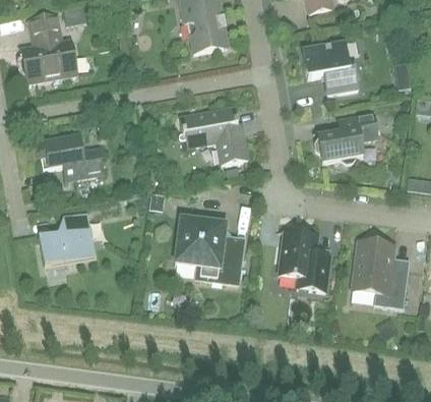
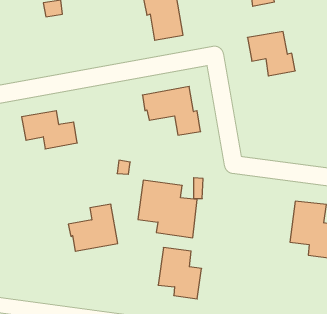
building: [19,15,76,81] -> none
building: [314,112,377,162] -> none
building: [38,212,96,267] -> [68,204,118,251]
building: [279,230,329,290] -> [158,248,202,299]

